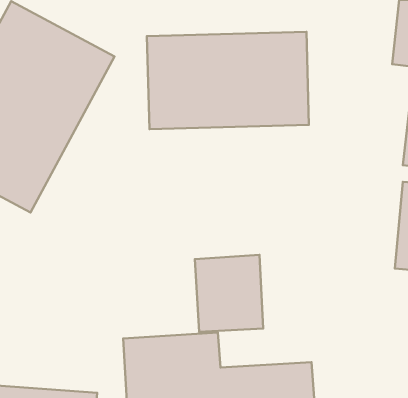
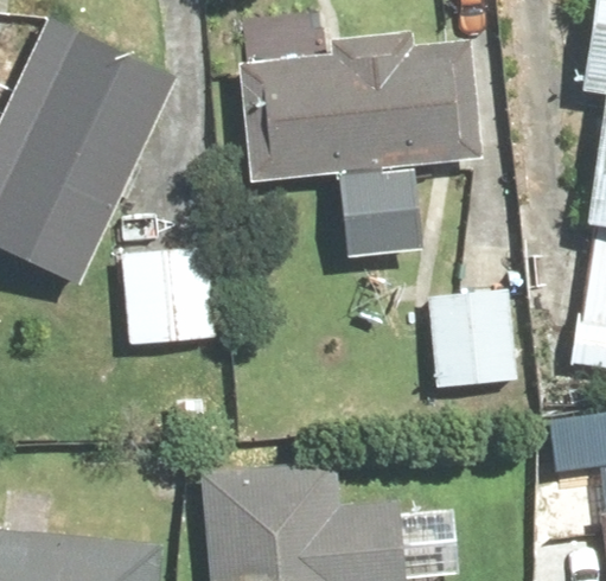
building: none -> [119,248,216,347]
building: [195,255,263,332] -> [426,288,518,392]

